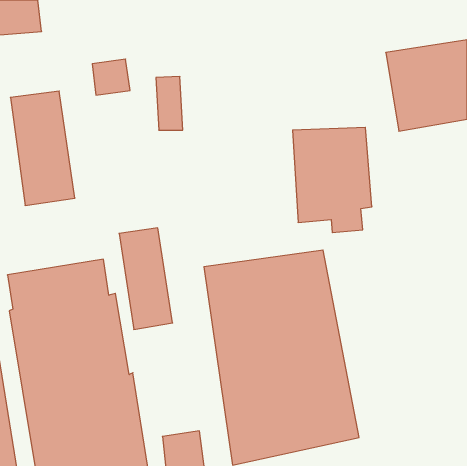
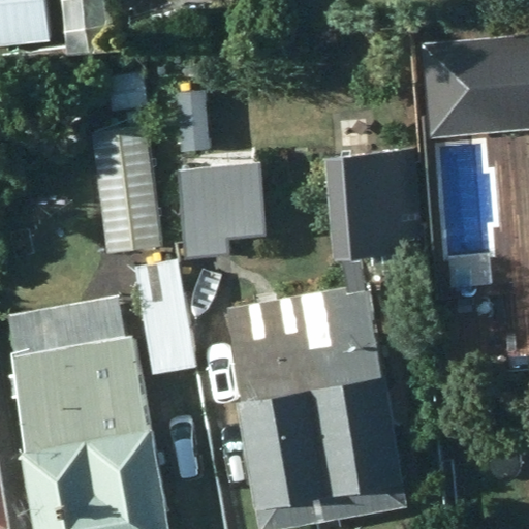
building: [10,91,75,205] -> [90,124,162,252]
building: none -> [177,160,266,257]

